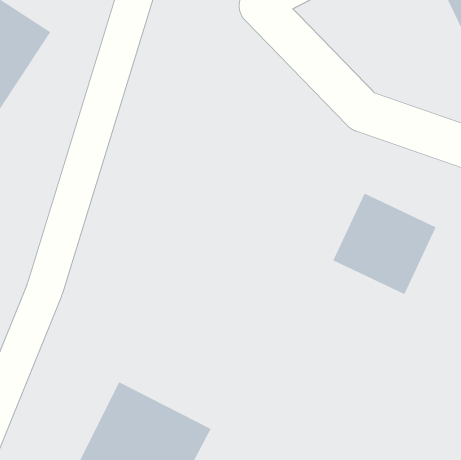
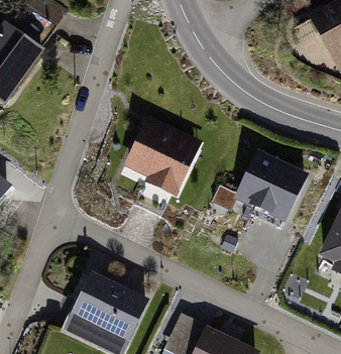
building: none -> [125,119,193,189]

